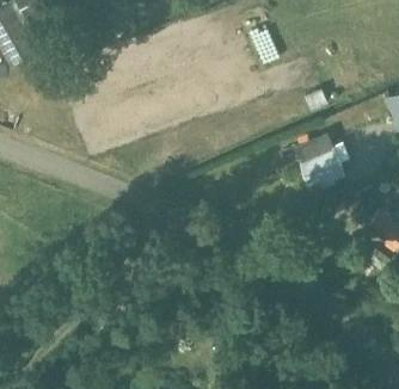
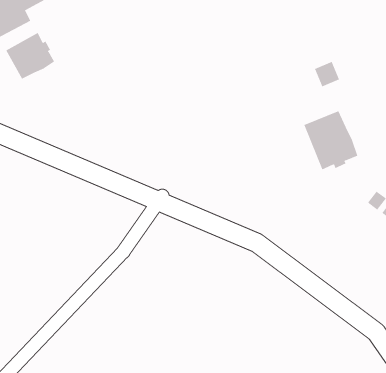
building: none -> [6,32,55,79]

